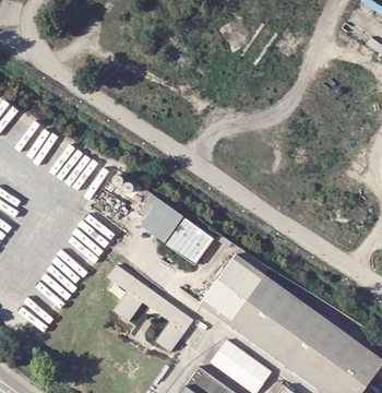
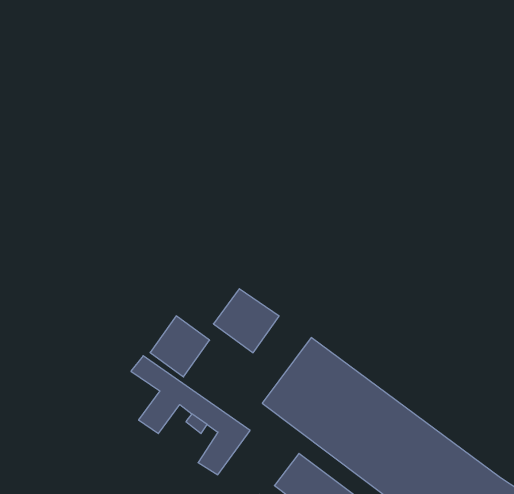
building: [141,199,183,242] -> [150,316,210,377]

